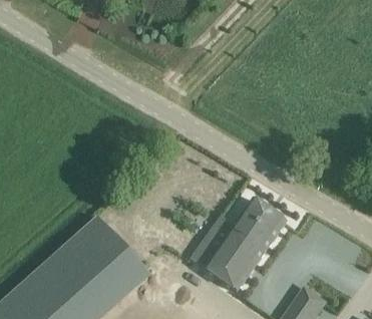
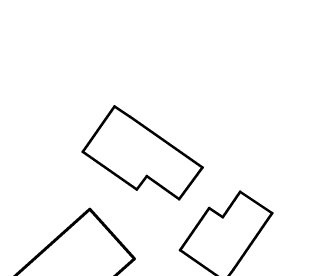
building: none -> [83,106,202,199]

